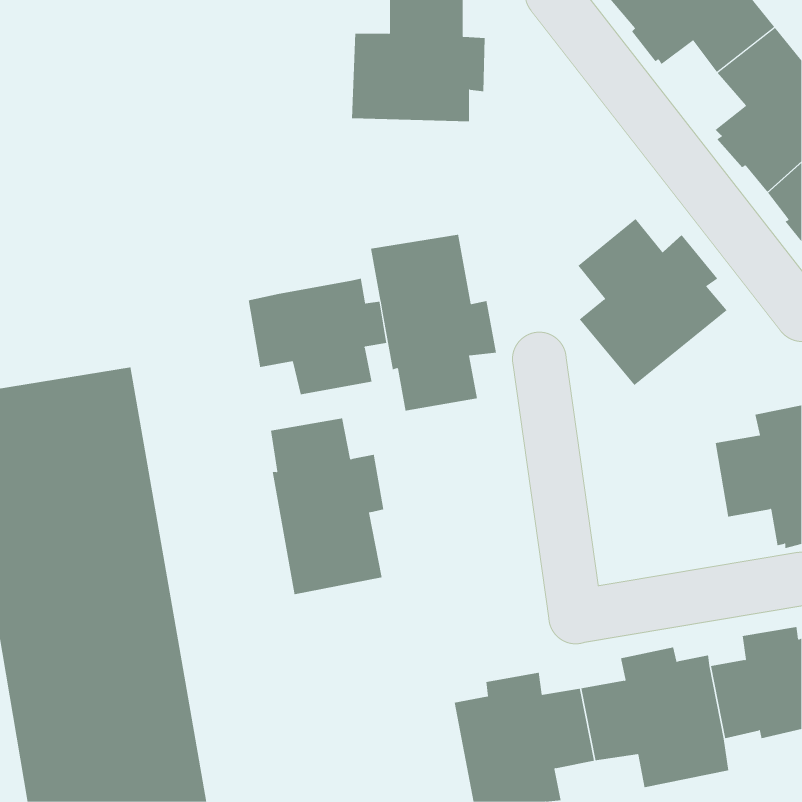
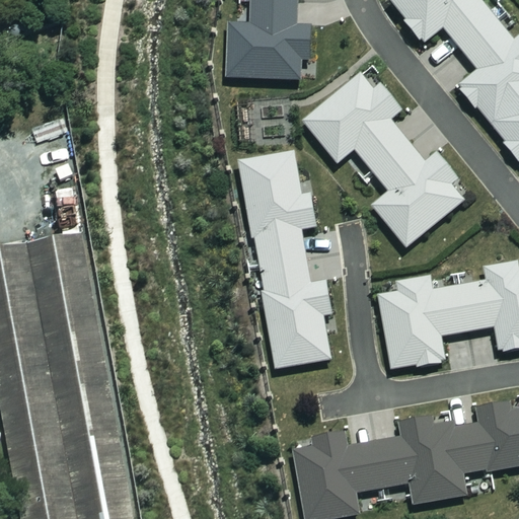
building: none -> [302,72,407,170]
building: [248,278,387,395] -> none
building: [270,418,384,595] -> [260,255,332,369]
building: none -> [378,276,466,368]

